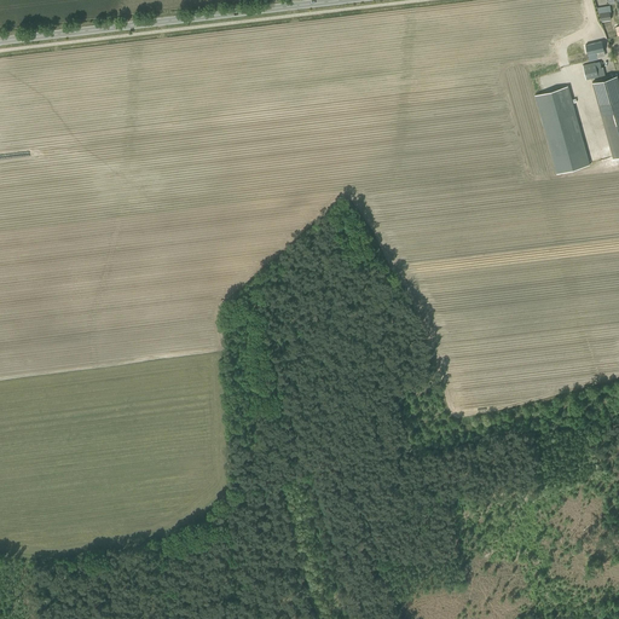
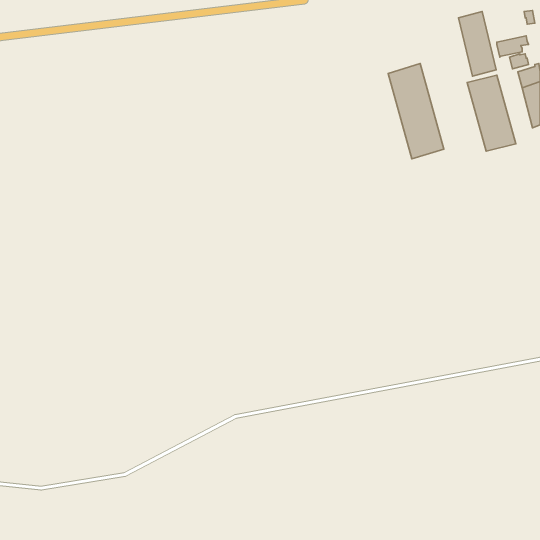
building: none -> [459,11,496,76]
building: none -> [388,64,444,159]

